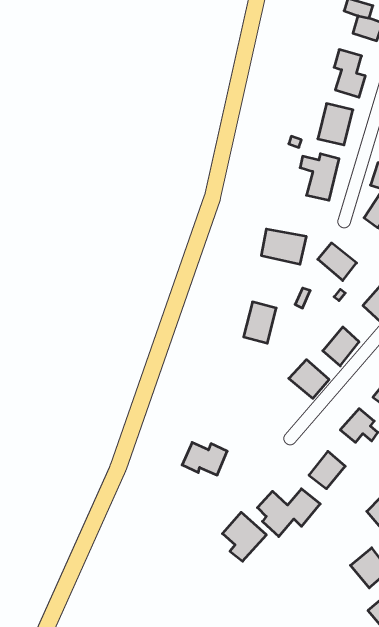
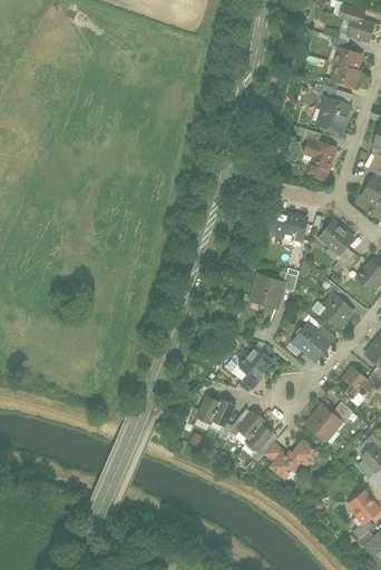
building: none -> [241,346,274,380]
building: [222,512,266,561] -> [236,410,275,453]

